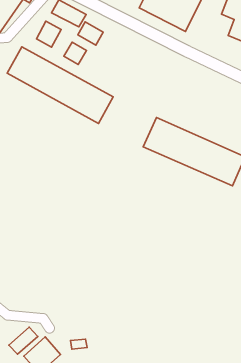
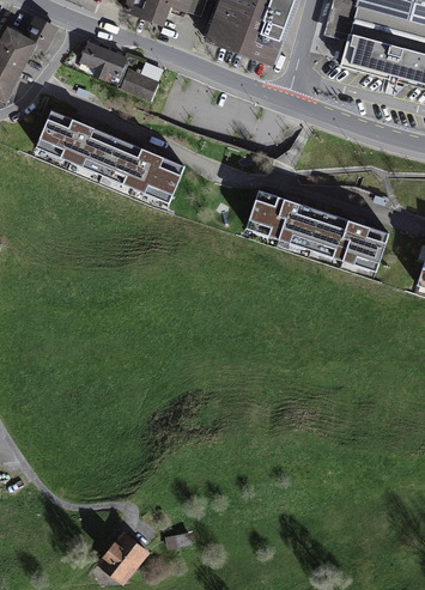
building: [36,21,61,47] -> none
building: [64,42,86,64] -> none
building: [9,327,38,354] -> none

